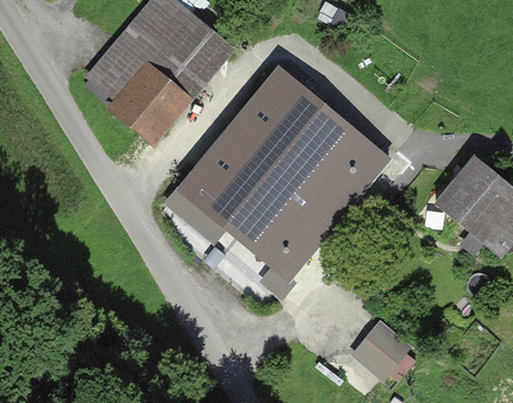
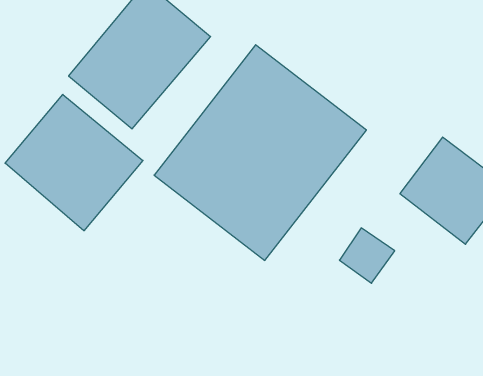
building: none -> [5,94,143,231]
building: [358,327,415,384] -> [339,228,395,283]

